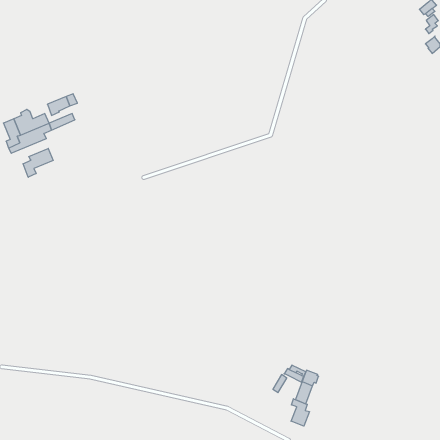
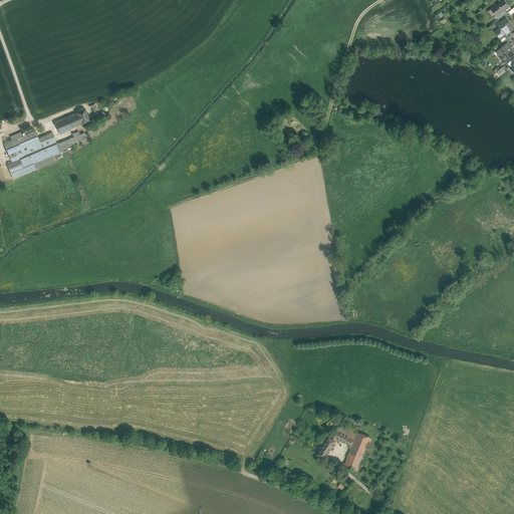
building: [23,148,53,177] -> none
building: [291,399,309,426] -> none

